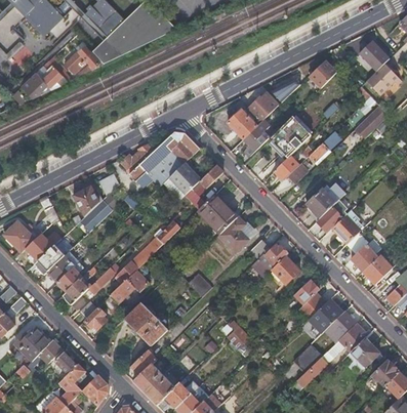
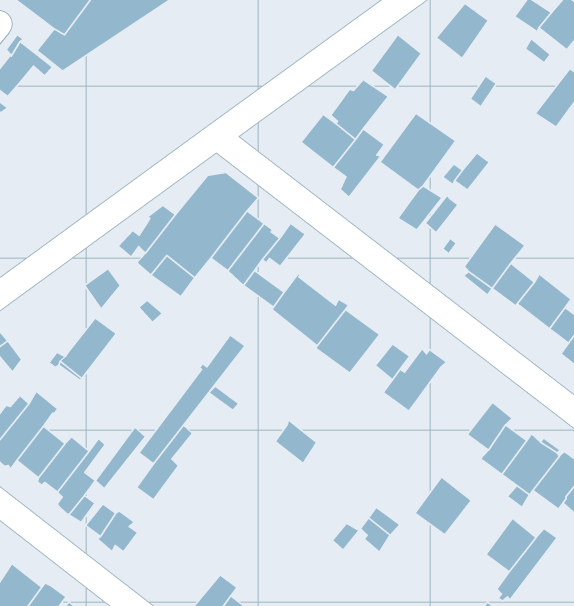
building: [74,187,99,216] -> none
building: [268,255,299,287] -> [415,477,472,535]
building: [124,301,168,345] -> none

